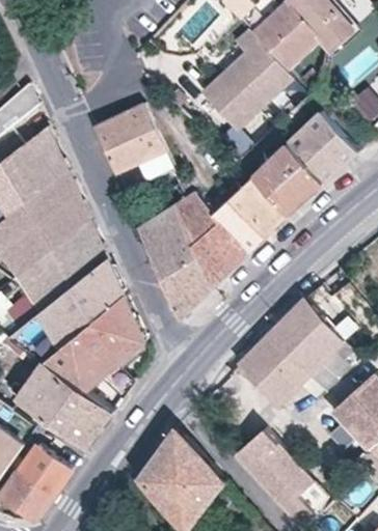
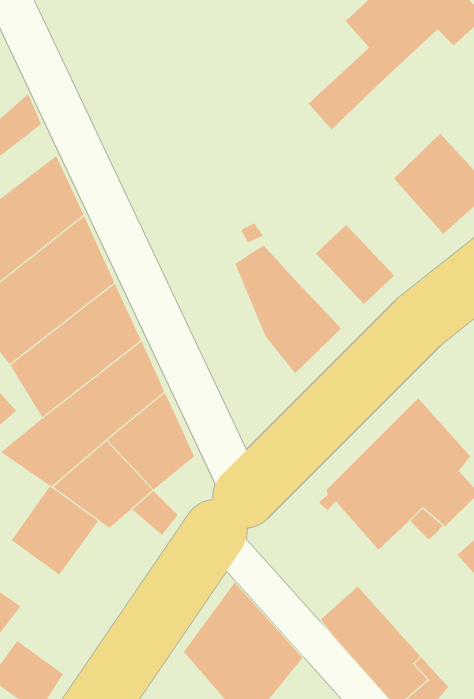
building: [199,30,292,130] -> none
building: [92,103,173,183] -> none
building: [253,144,322,213] -> none
building: [215,197,266,250] -> none
building: [138,204,217,318] -> none
building: [51,386,114,449] -> none
building: [21,445,73,494] -> none

